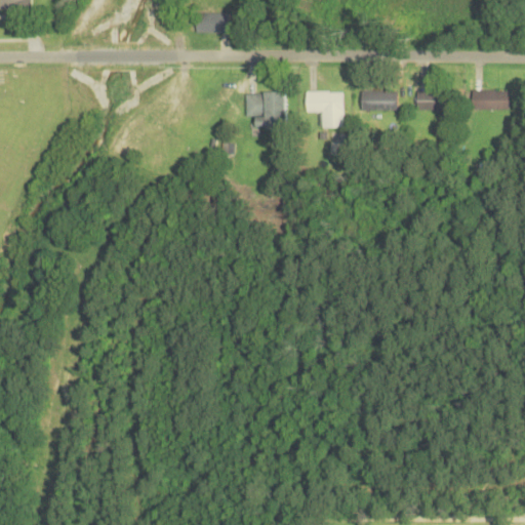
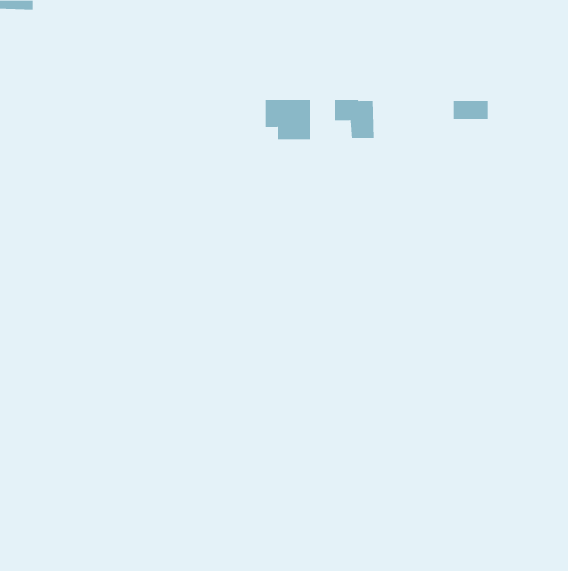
building: [194,11,231,32] -> none
building: [471,90,507,109] -> none
building: [360,91,396,110] -> none

